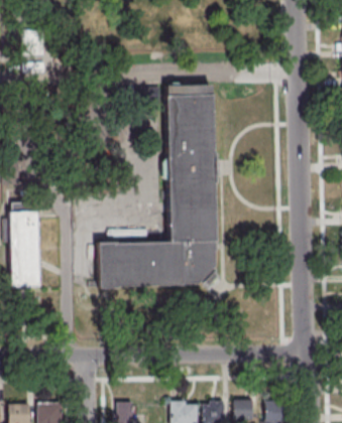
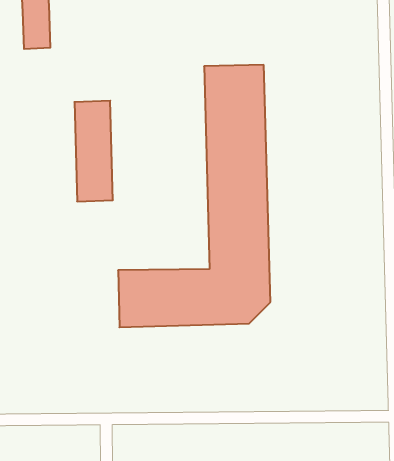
building: [13,210,42,287] -> [74,101,113,201]

